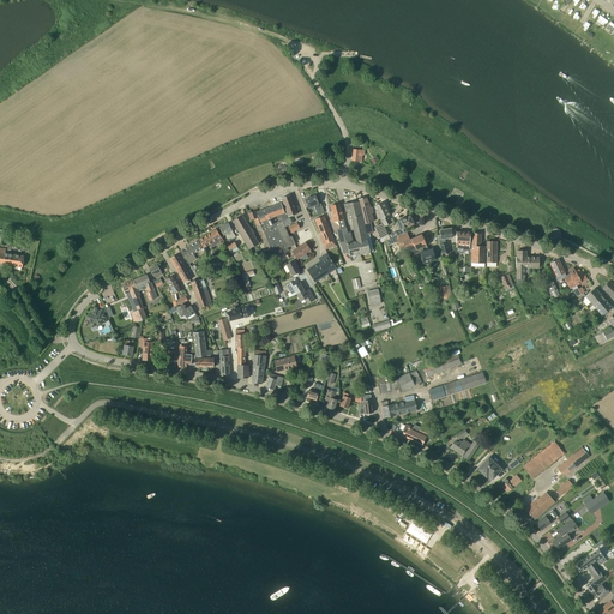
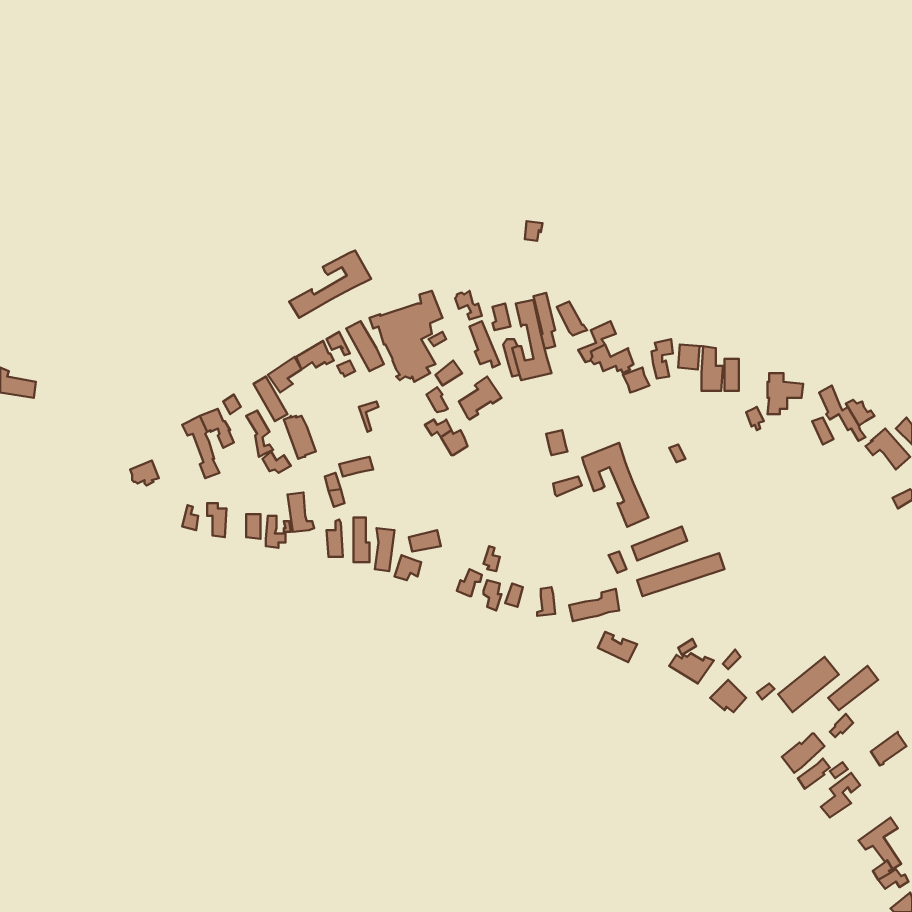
building: none -> [289,250,371,318]
building: none -> [582,443,648,527]

